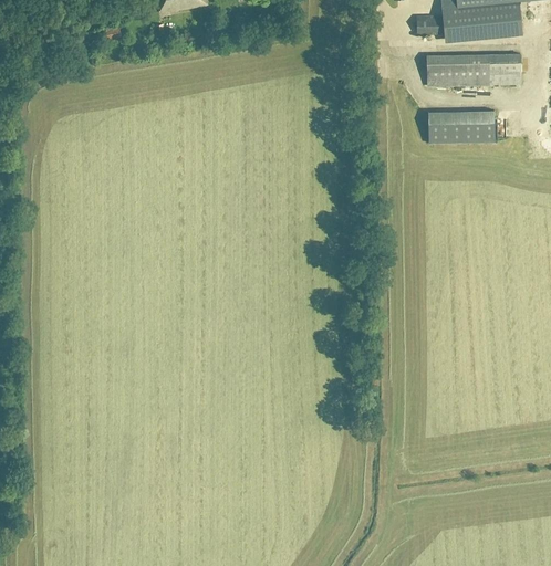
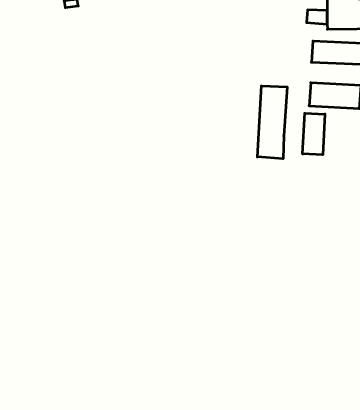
building: none -> [257,86,287,159]
building: none -> [303,113,325,155]

